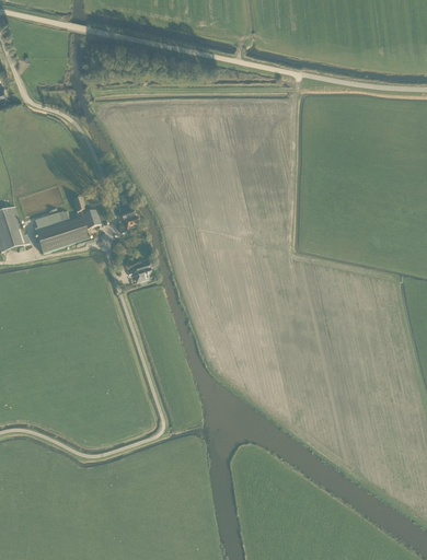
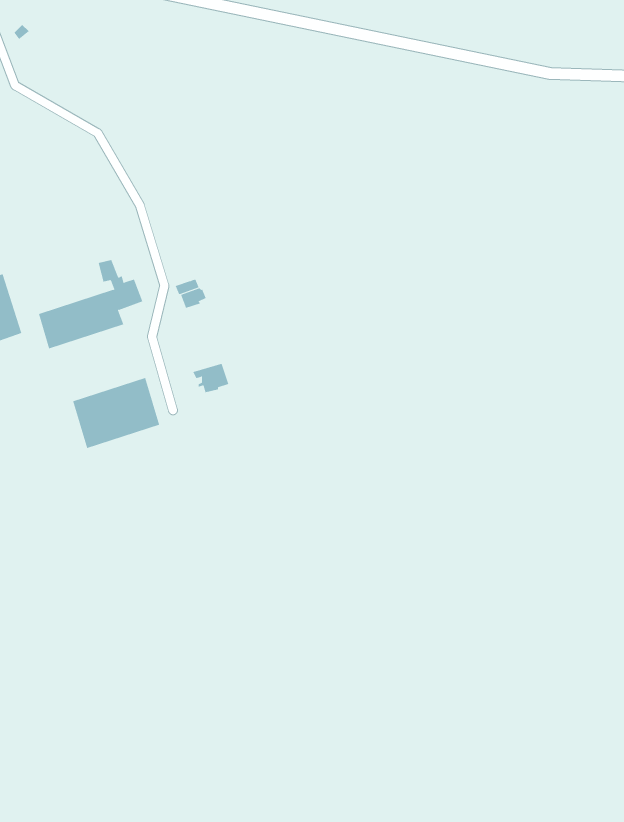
building: none -> [73,377,160,449]

